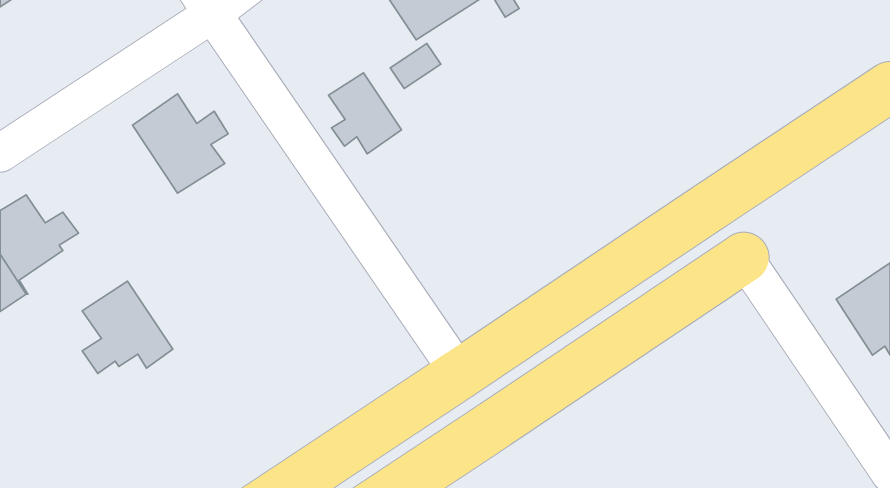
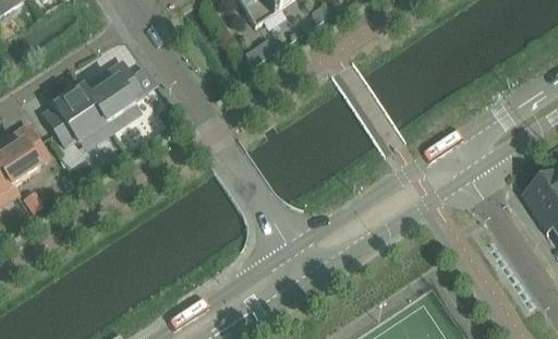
building: [328,73,401,154] -> none
building: [82,281,173,373] -> [54,87,111,145]

